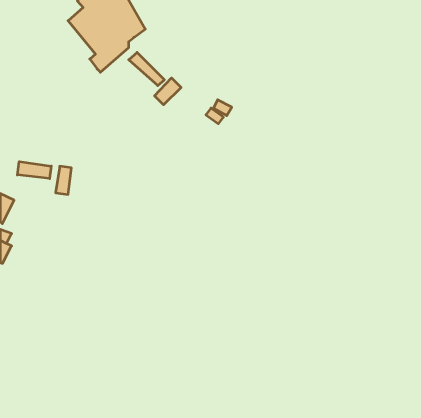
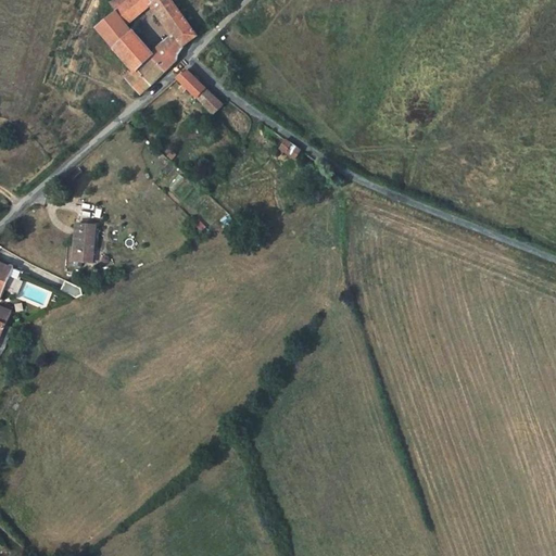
building: [155,78,181,105] -> none
building: [17,162,51,179] -> none

